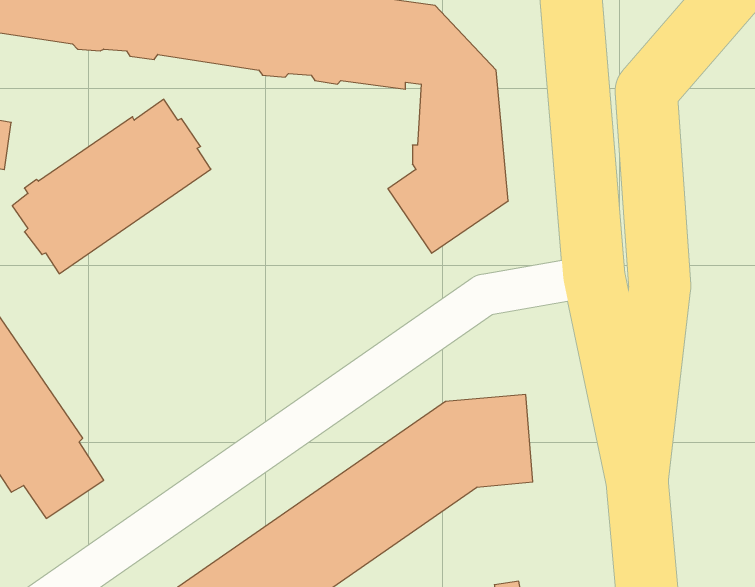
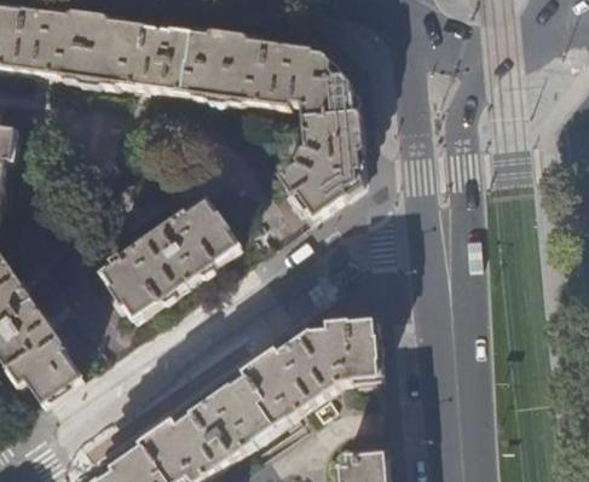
building: [12,99,211,274] -> [100,196,238,317]

